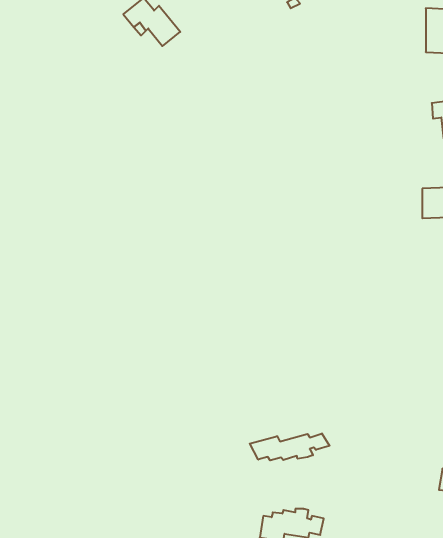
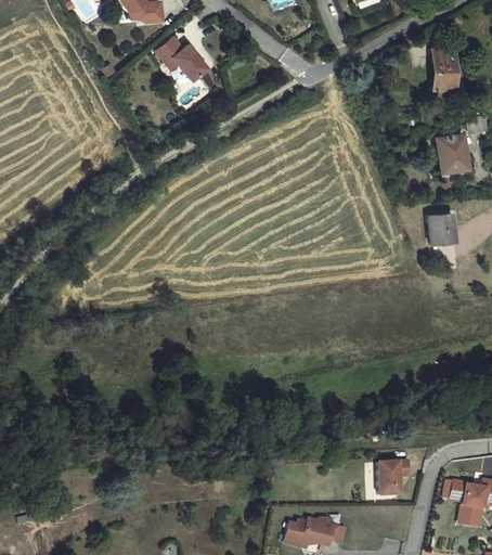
building: [250,433,330,460] -> none
building: none -> [376,455,407,489]

